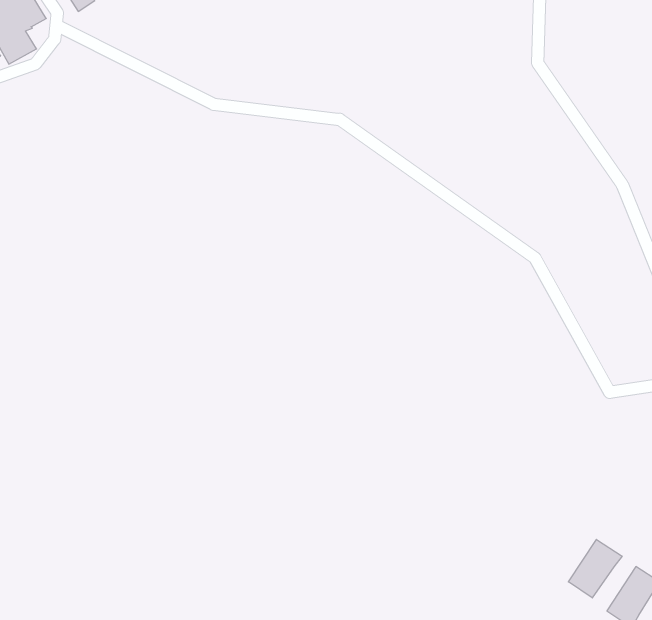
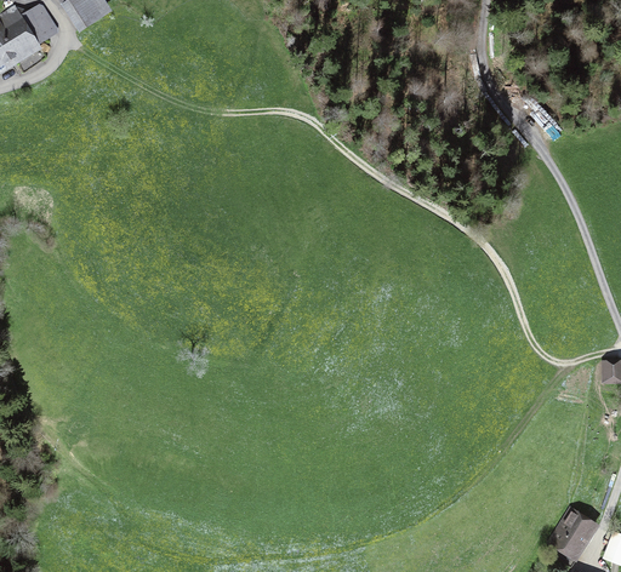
building: [568,539,622,598] -> none

